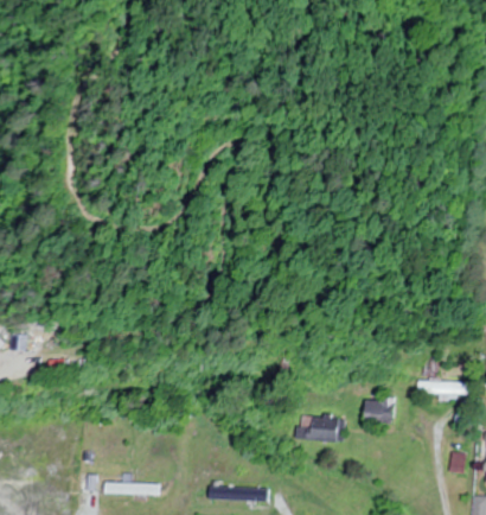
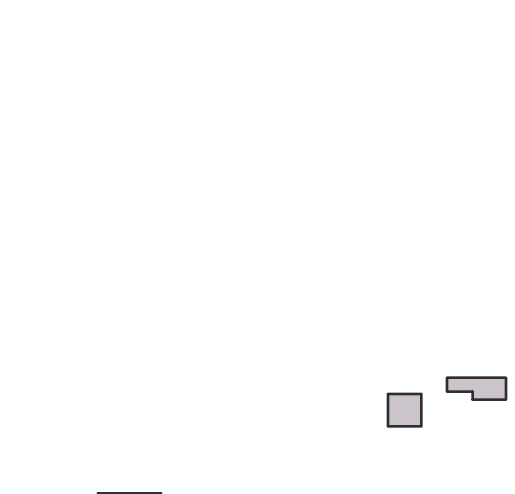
building: [298,414,345,443] -> none

